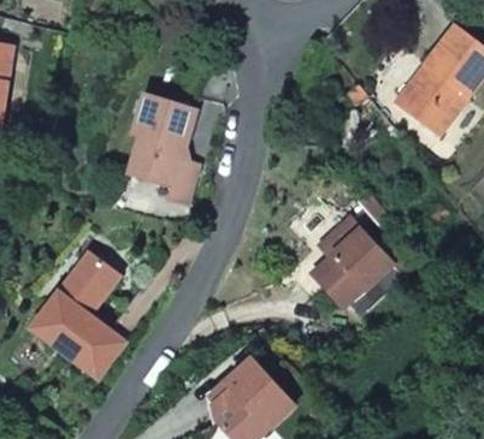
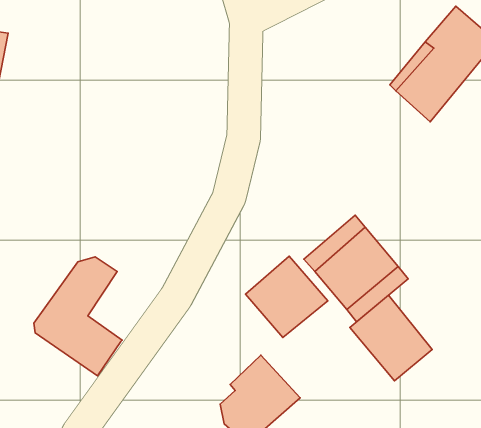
building: [129,91,194,202] -> none
building: none -> [246,256,328,337]
building: none -> [350,295,432,381]

